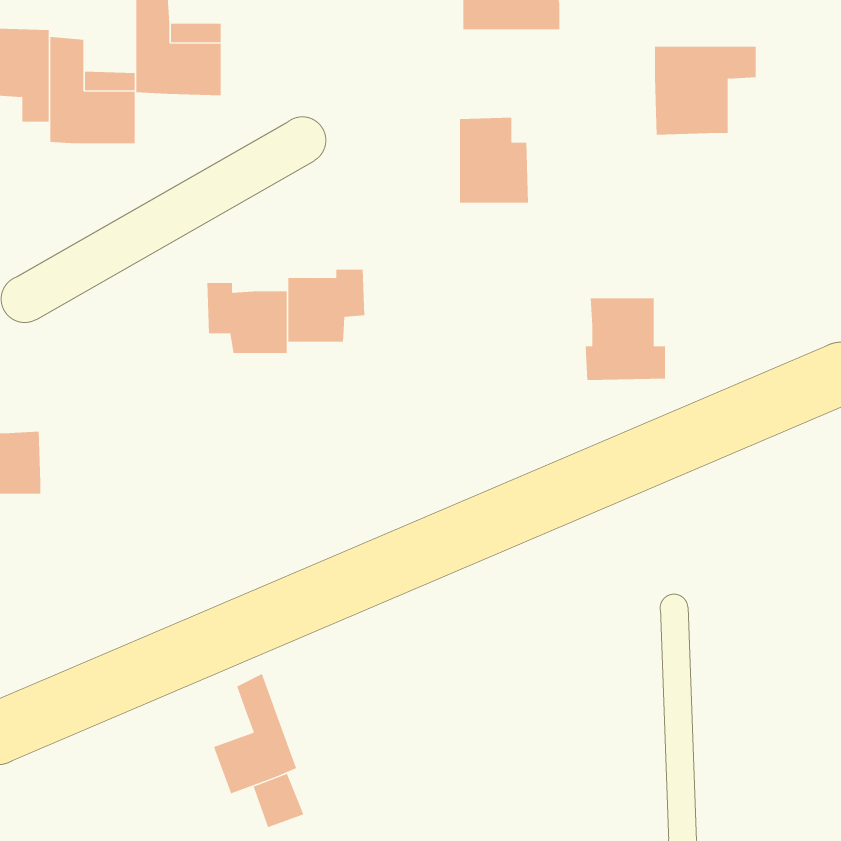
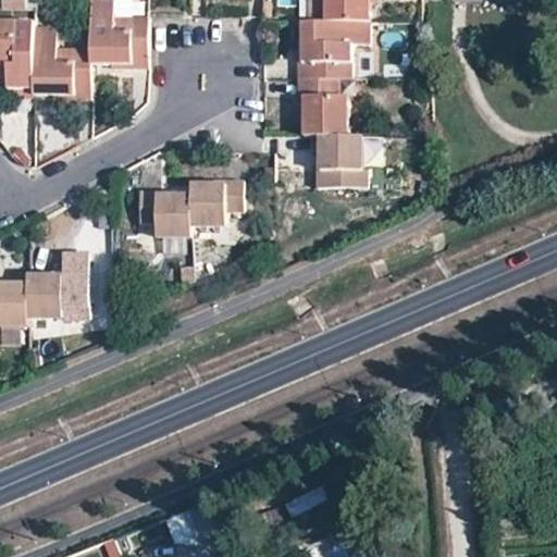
building: [654,46,757,135] -> [301,20,369,78]
building: [585,298,666,380] -> [315,134,369,188]
building: none -> [26,270,76,318]
building: [213,673,297,794] -> none

